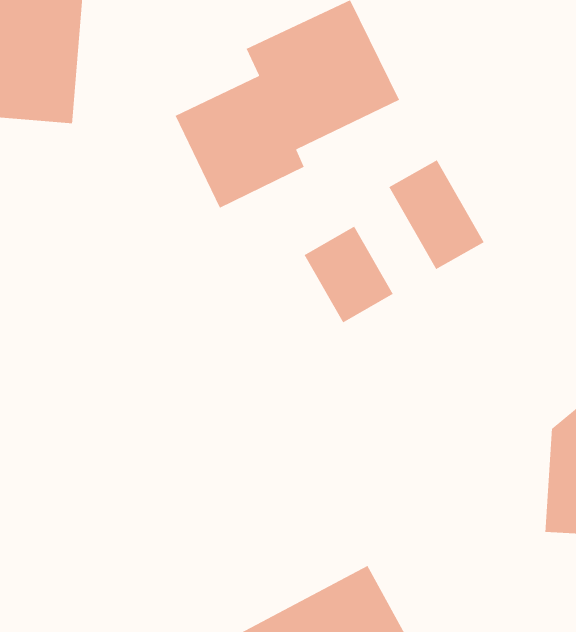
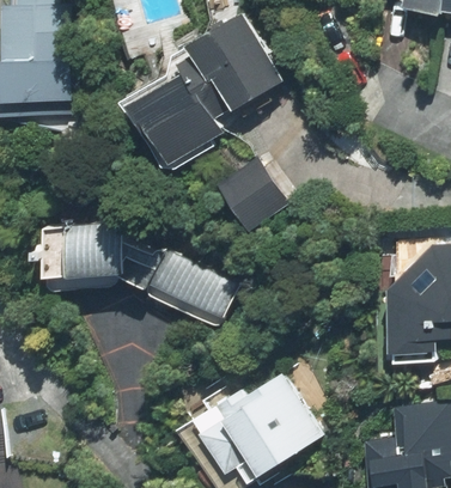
building: [388,159,485,270] -> none
building: none -> [45,224,232,324]

